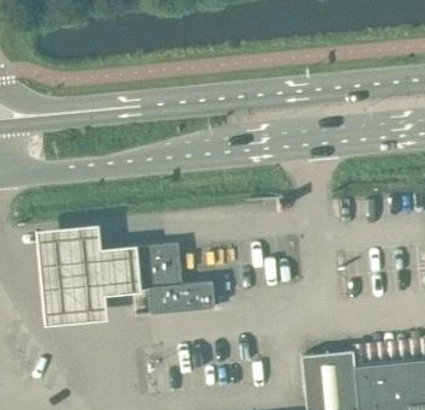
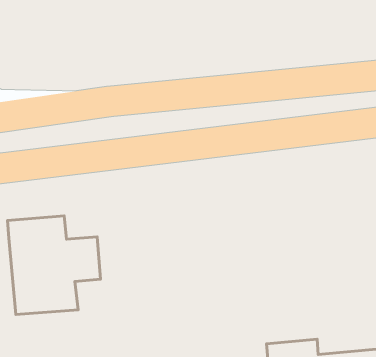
building: [130,243,215,313] -> none

